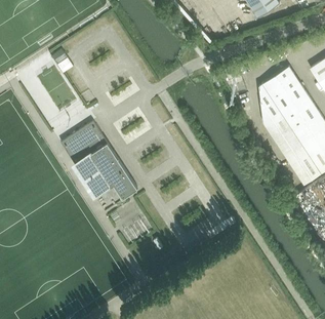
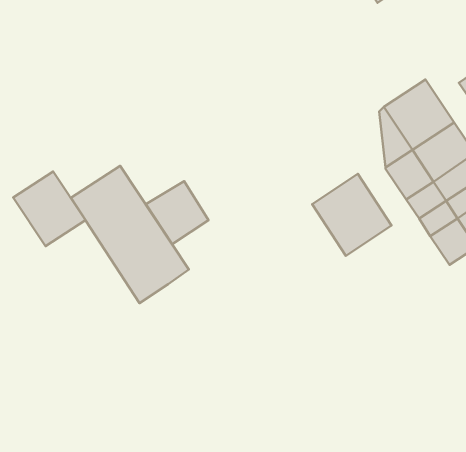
building: none -> [13,171,85,246]
building: none -> [312,174,391,256]
building: none -> [146,181,209,244]

